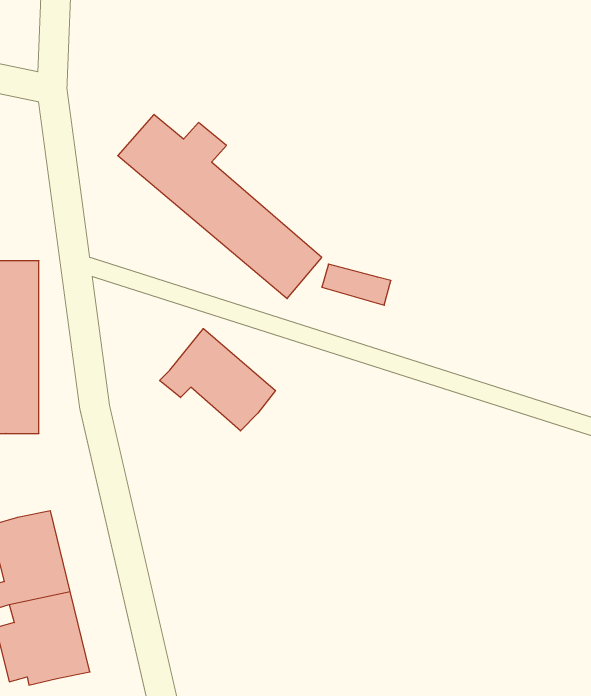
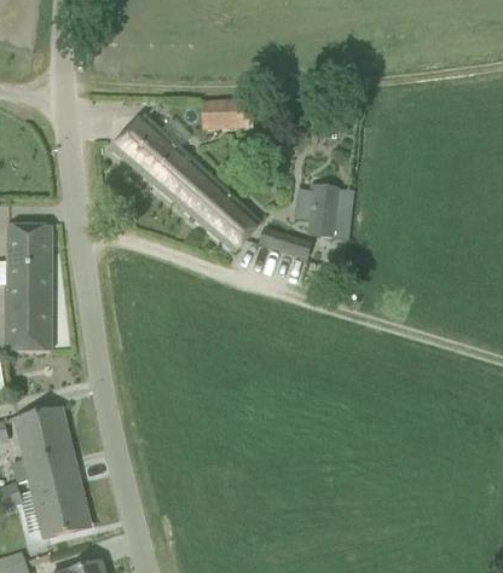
building: none -> [203,99,253,128]
building: none -> [307,184,352,237]
building: [160,329,275,431] -> none

